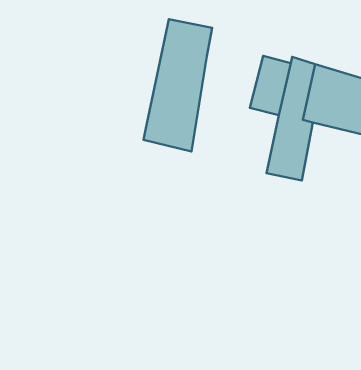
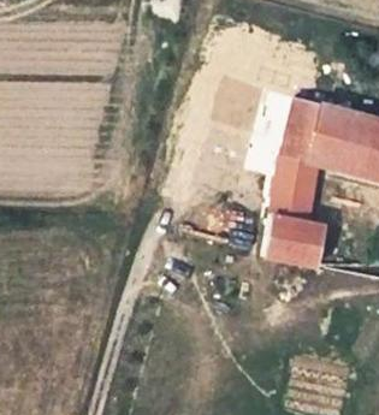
building: [144,19,212,151] -> none
building: none -> [263,213,327,267]

